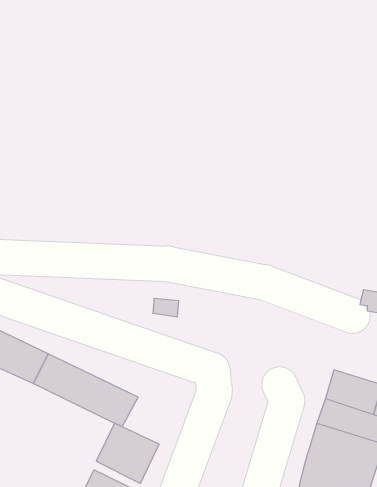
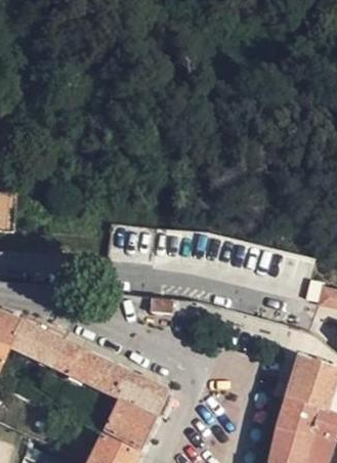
building: none -> [124,378,166,417]

